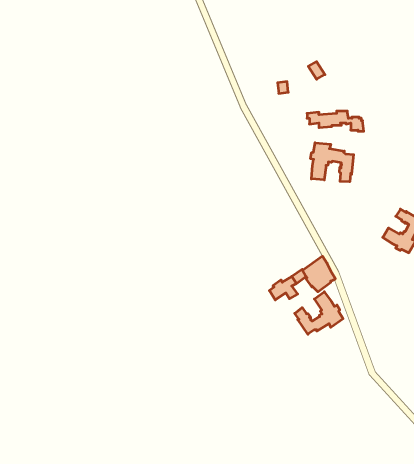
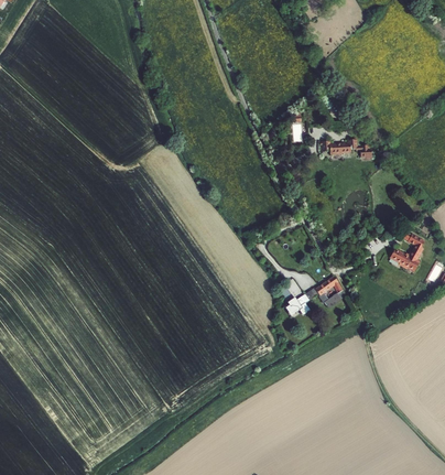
building: [311,143,354,182] -> none
building: [295,292,343,334] -> none

